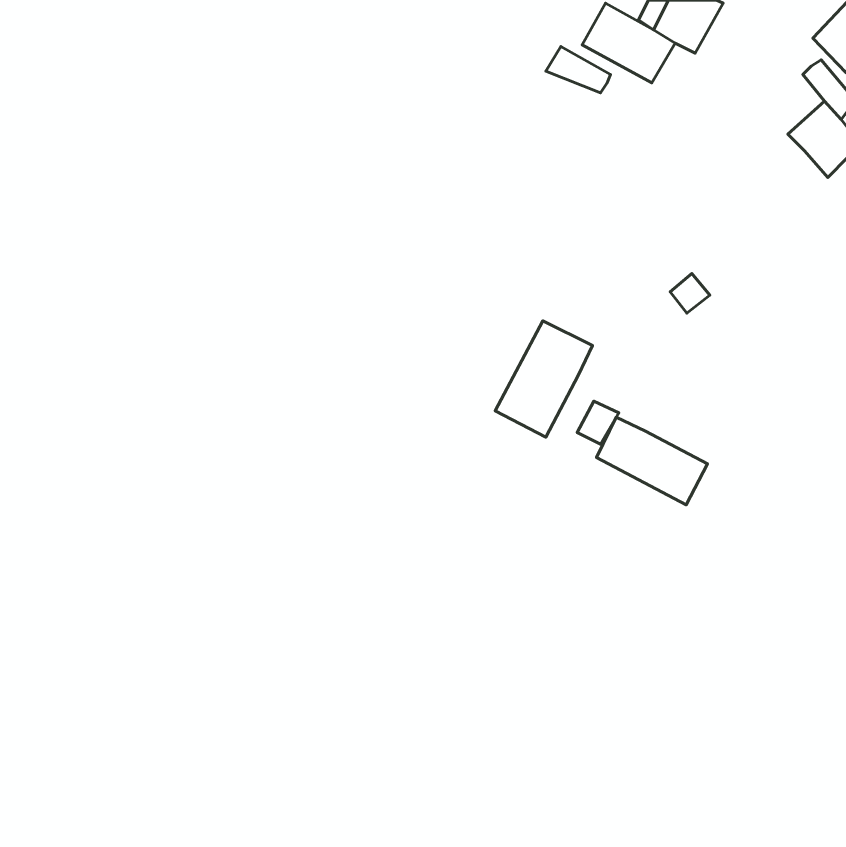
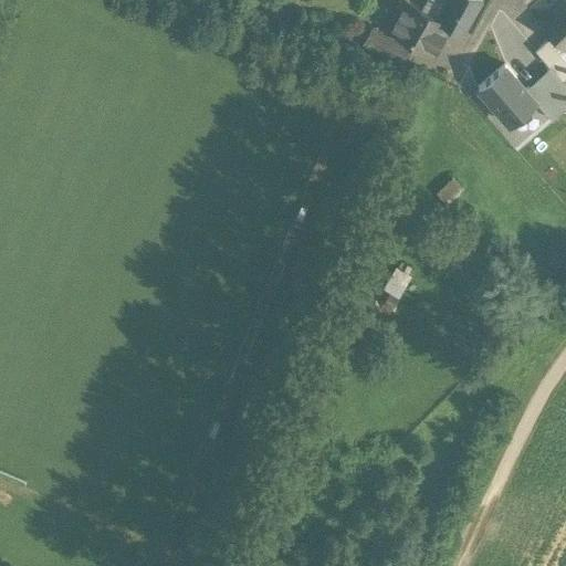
building: none -> [479,65,537,124]
building: [495,321,592,437] -> none
building: [597,417,707,505] -> none

